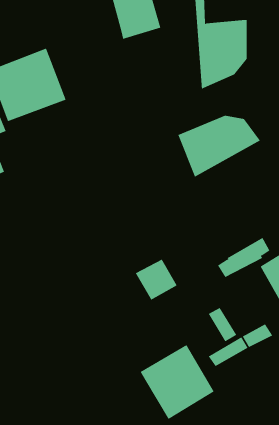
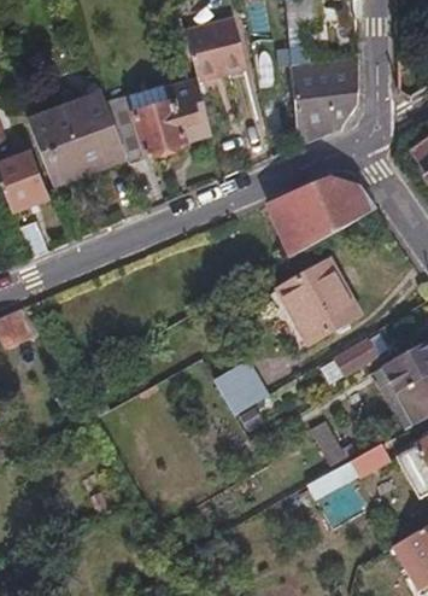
building: none -> [106,70,211,165]
building: none -> [266,259,360,349]
building: [140,344,214,420] -> none

